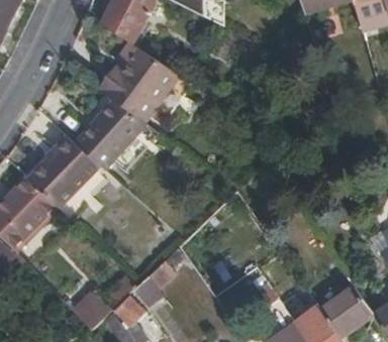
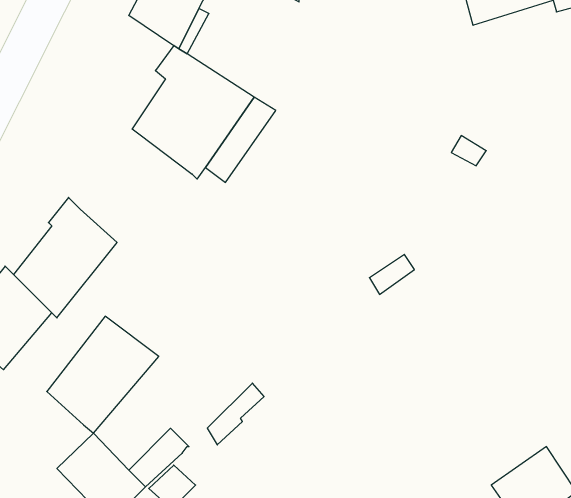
building: [72,97,139,167] -> [47,316,159,433]

